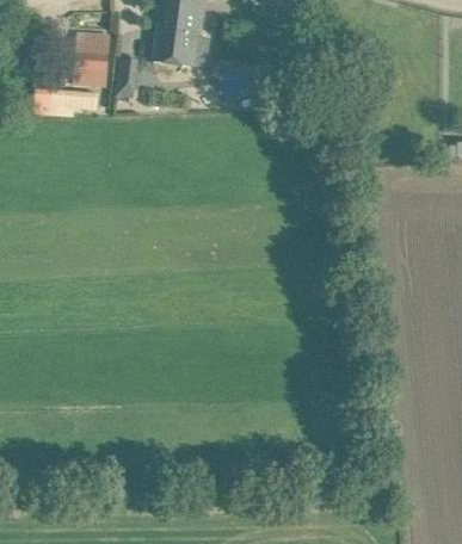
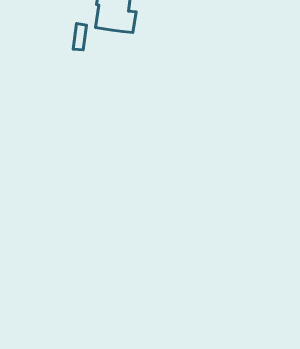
building: [79,33,107,84] -> none

